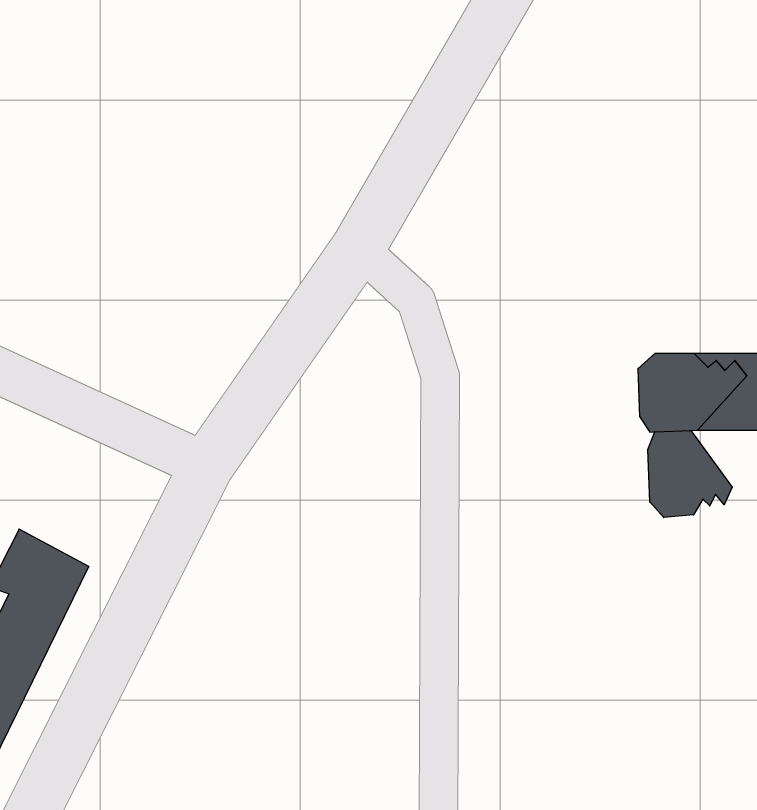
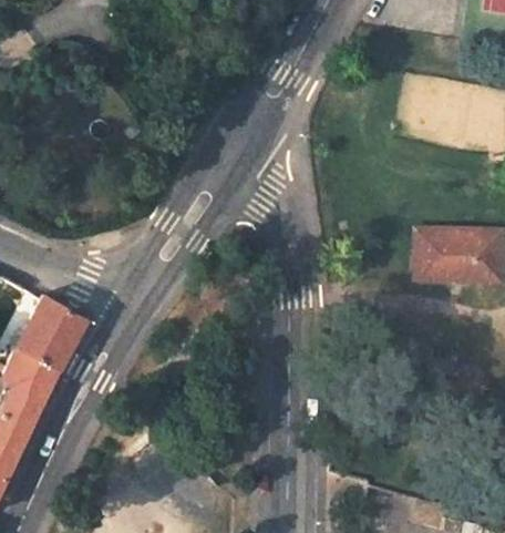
building: [648,431,732,518] -> none
building: none -> [17,296,89,370]

